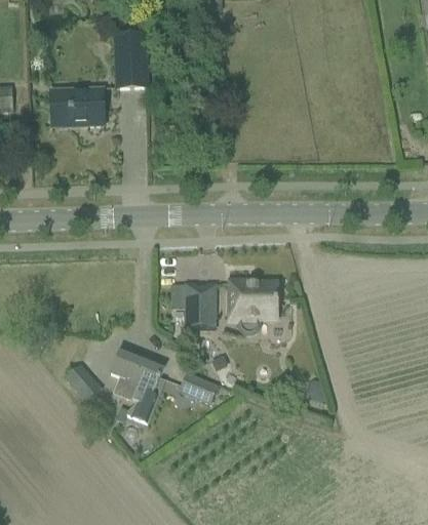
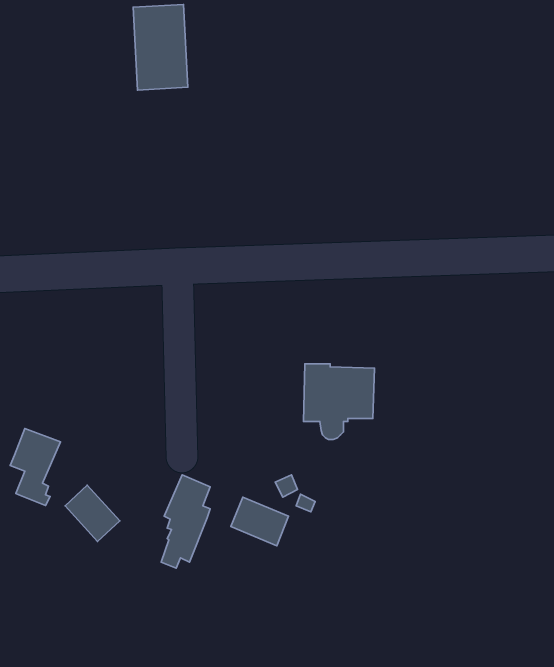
building: [51,86,104,126] -> none
building: [186,283,216,327] -> none
building: [110,347,145,400] -> [10,428,60,505]

